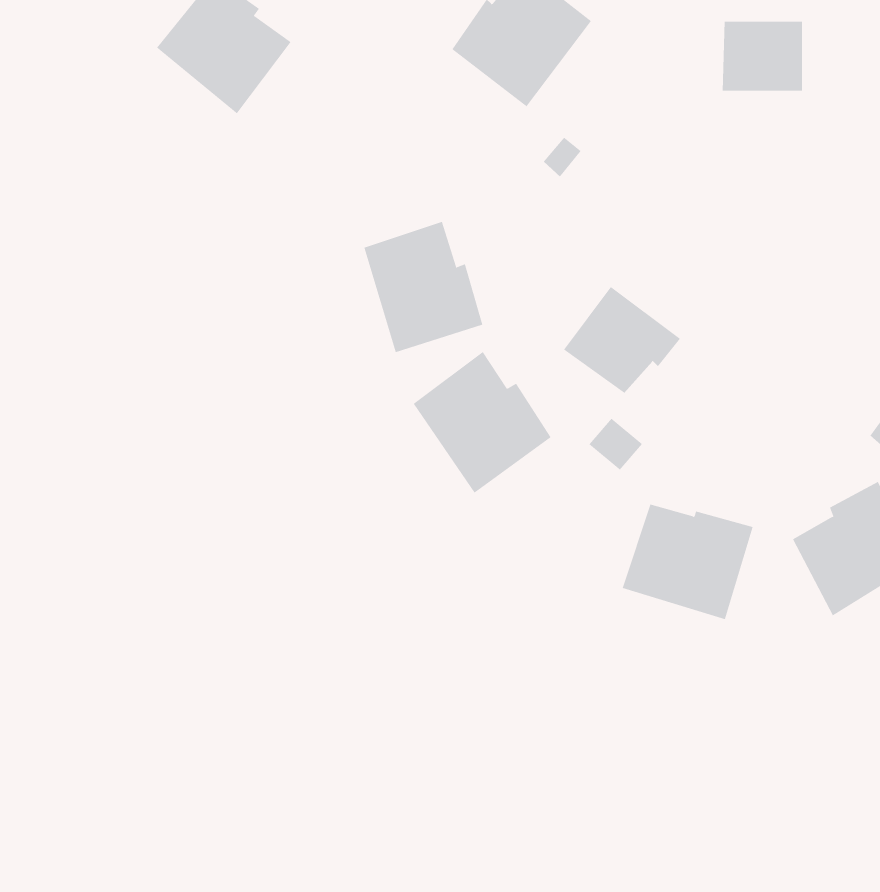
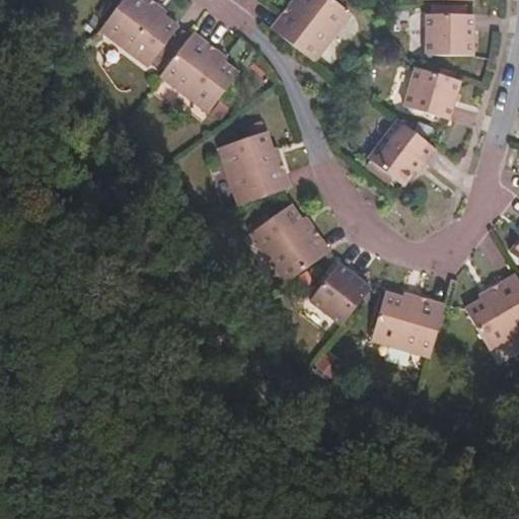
building: none -> [159,32,237,112]
building: none -> [401,66,457,117]
building: [563,286,681,393] -> [369,118,437,179]
building: none -> [307,263,371,325]

